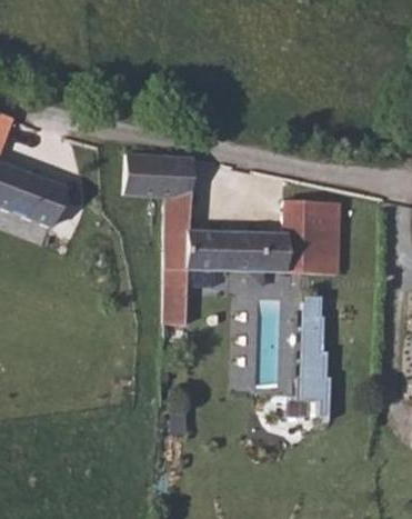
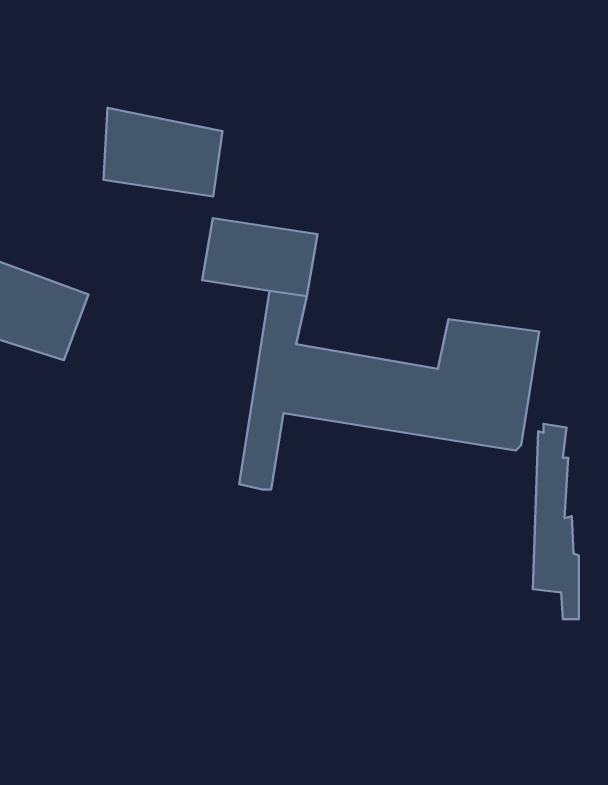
building: none -> [103,108,222,197]
building: [297,296,325,418] -> [533,424,579,619]

